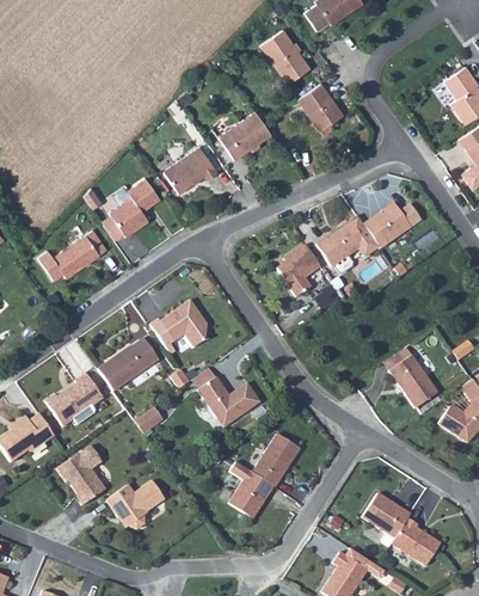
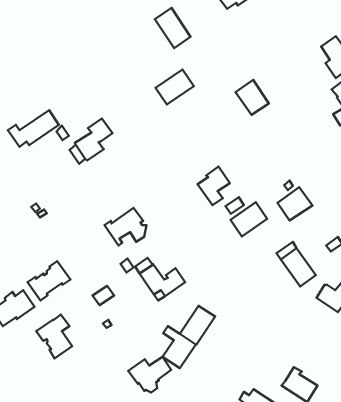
building: [260,29,309,84] -> [155,8,191,48]
building: [297,82,343,130] -> [236,80,269,115]
building: [164,146,217,192] -> none
building: [363,202,411,247] -> [277,187,312,220]
building: [315,220,366,266] -> [230,202,267,236]
building: [37,229,106,279] -> [8,110,59,147]
building: [97,338,158,391] -> none
building: [105,480,164,529] -> [128,357,171,393]
building: [362,492,410,546] -> none

